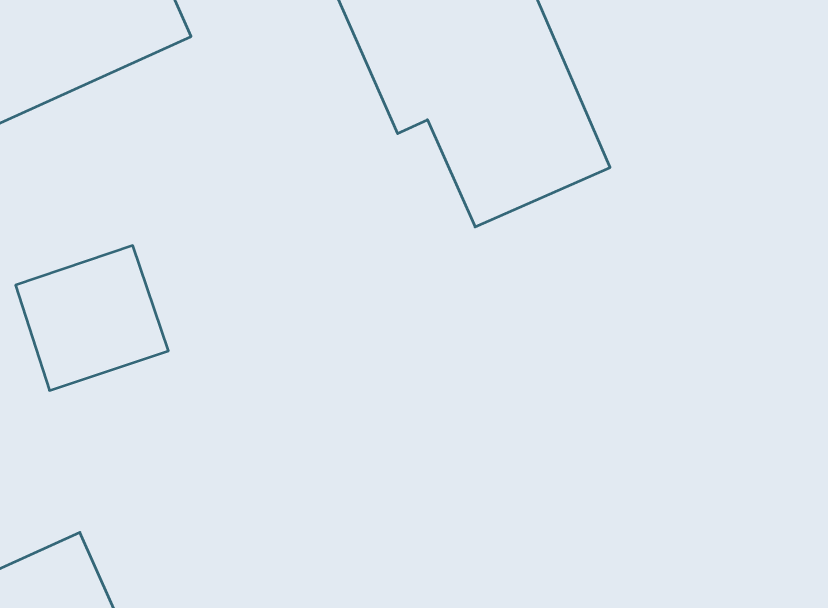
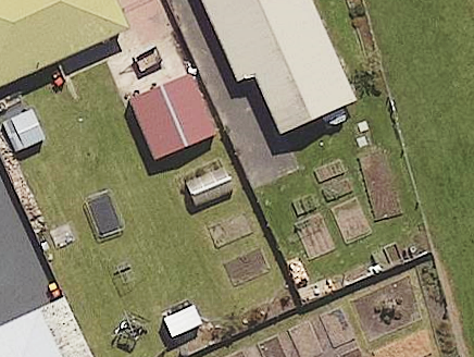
building: [16,246,168,390] -> [134,76,217,156]

